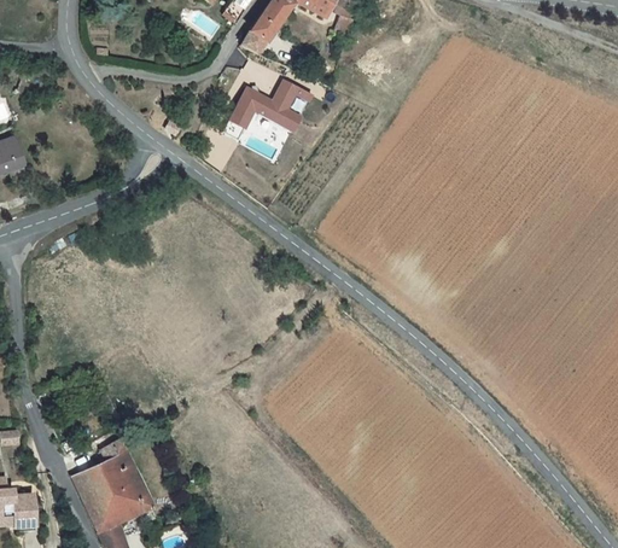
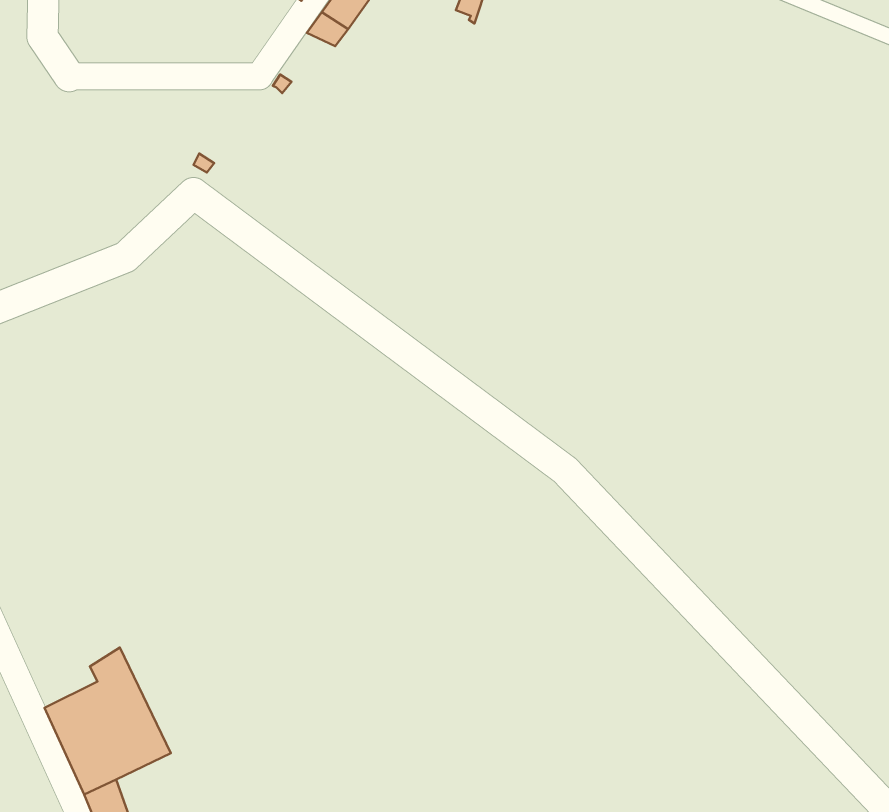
building: [231,76,316,129] -> none

